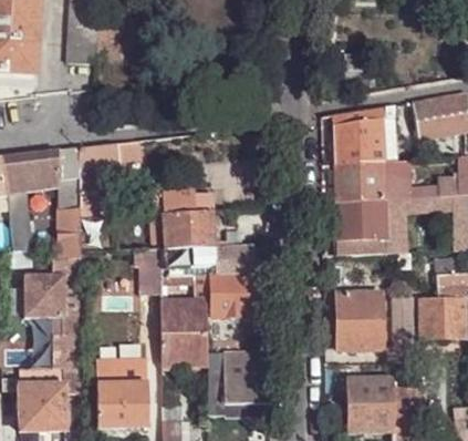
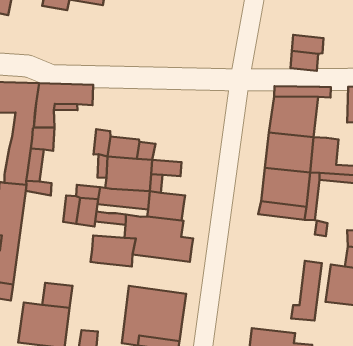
building: [336,290,383,348] -> none
building: [160,329,206,368] -> none

